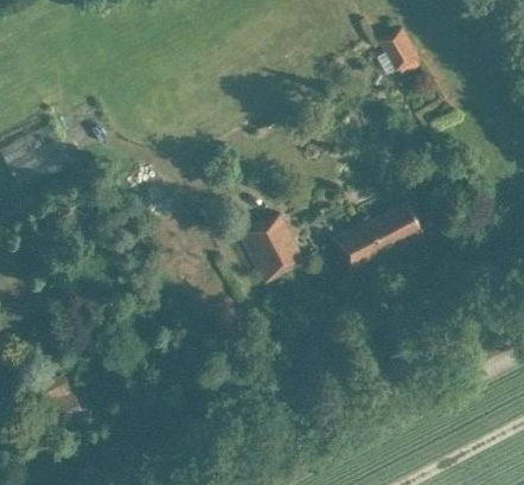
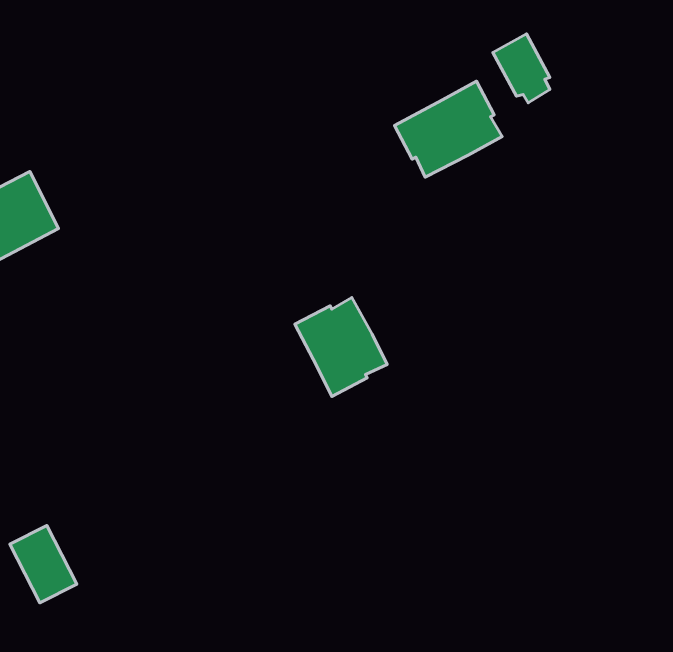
building: none -> [395,81,502,177]
building: [334,203,423,273] -> none

